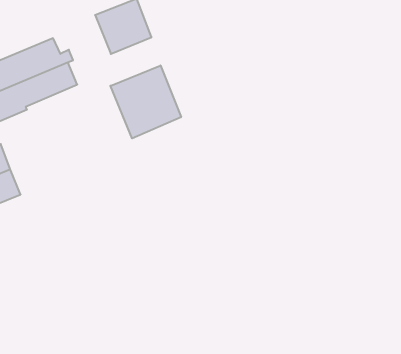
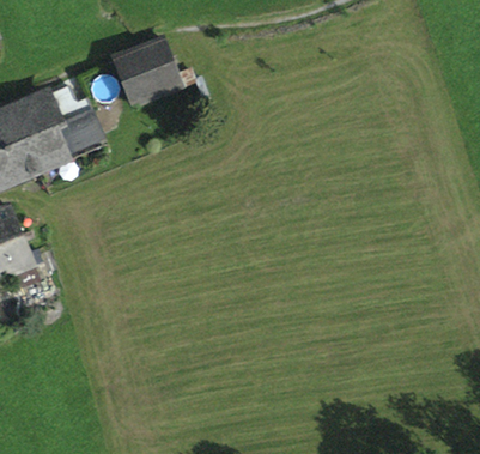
building: [110,65,181,138] -> none

